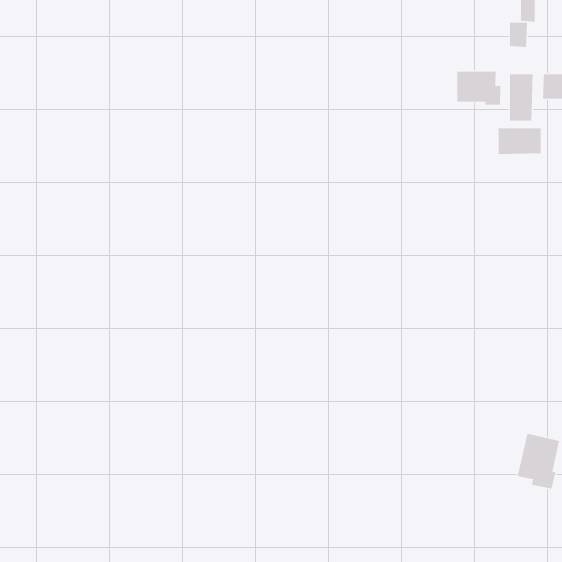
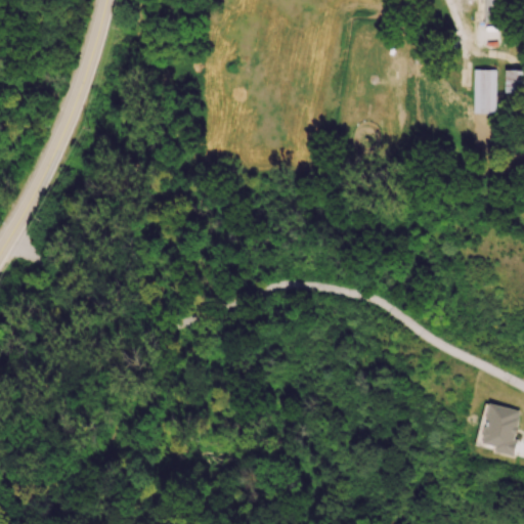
building: [457,71,501,105] -> none
building: [498,127,541,155] -> none

